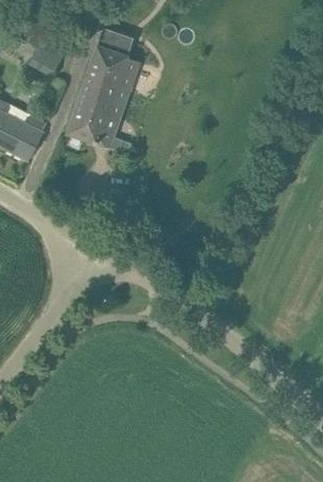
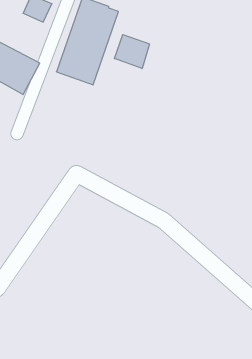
building: none -> [114,35,150,69]

